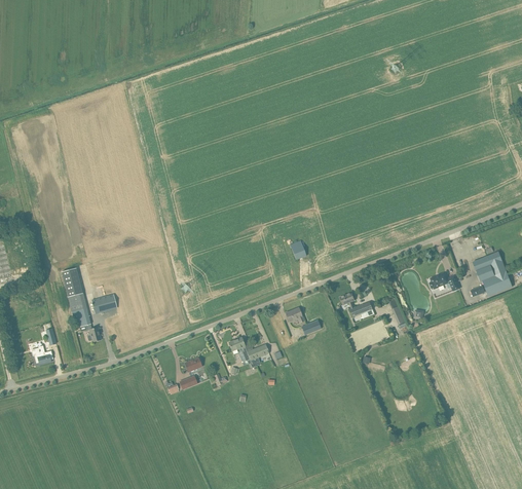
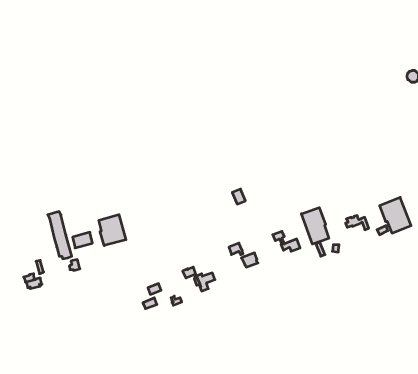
building: none -> [301,208,329,244]
building: none -> [99,215,126,246]

